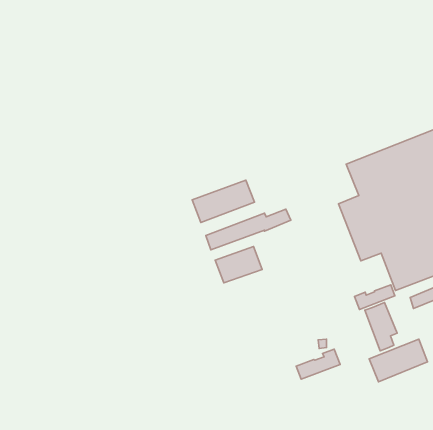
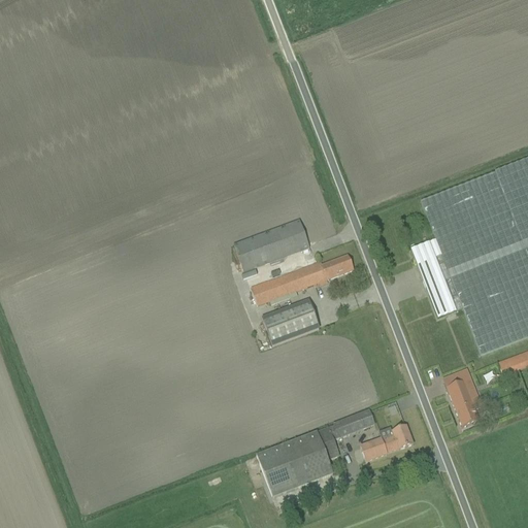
building: [355,285,395,309] -> none
building: none -> [260,408,376,495]
building: [369,339,427,382] -> none

